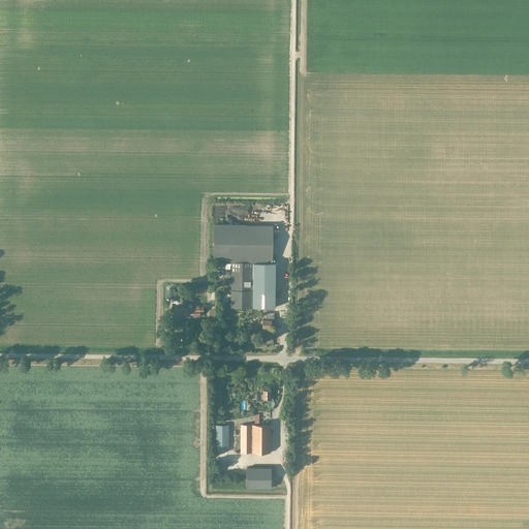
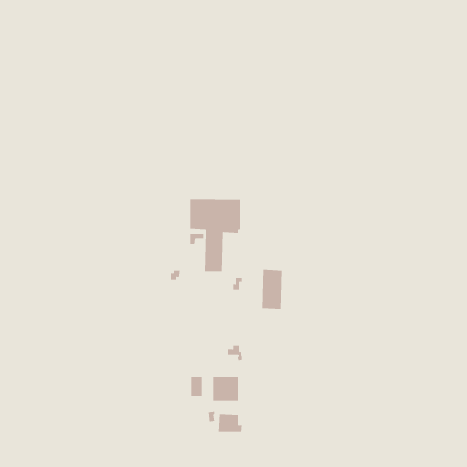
building: [252,263,276,309] -> [261,269,283,309]

